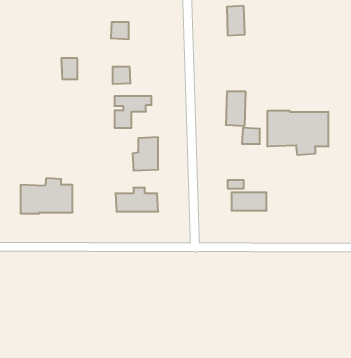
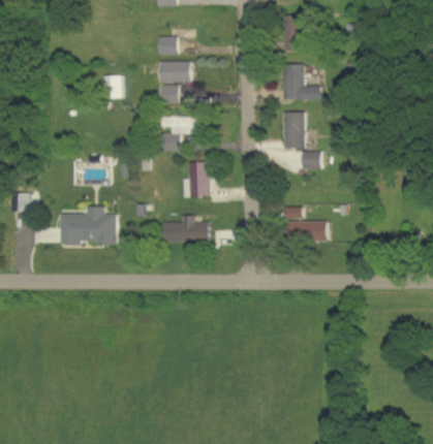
building: none -> [158,62,190,82]
building: none -> [281,63,319,99]
building: [268,111,328,155] -> none

